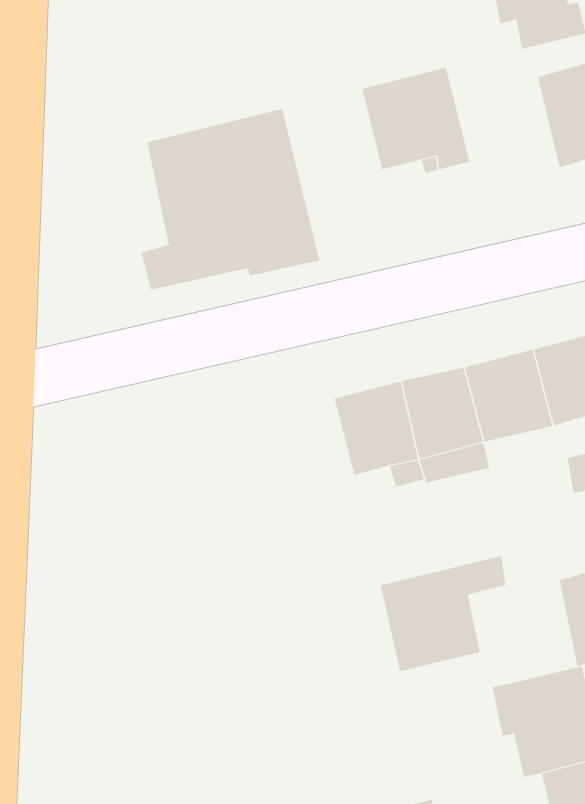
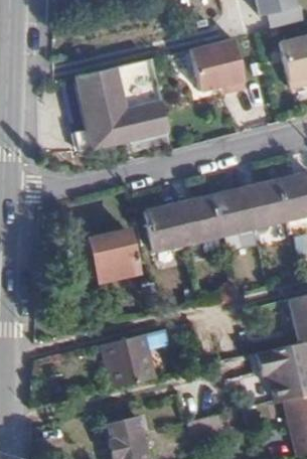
building: none -> [145,206,185,254]
building: none -> [87,231,129,277]
building: [380,555,506,672] -> [106,328,170,388]

